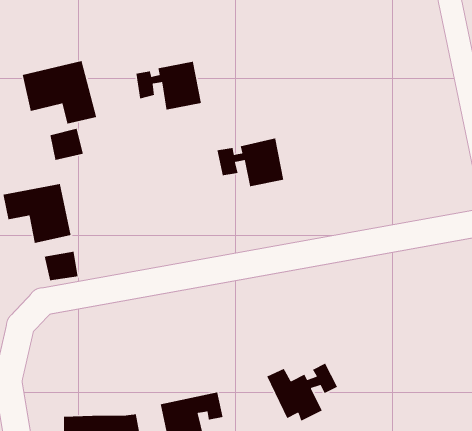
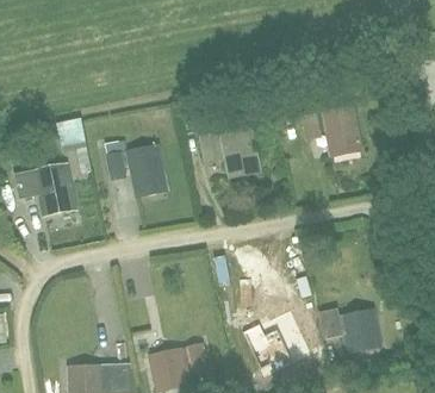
building: [22,60,97,125] -> none
building: [135,61,202,111] -> [108,145,166,188]
building: none -> [303,106,362,156]
building: none -> [319,310,380,353]

